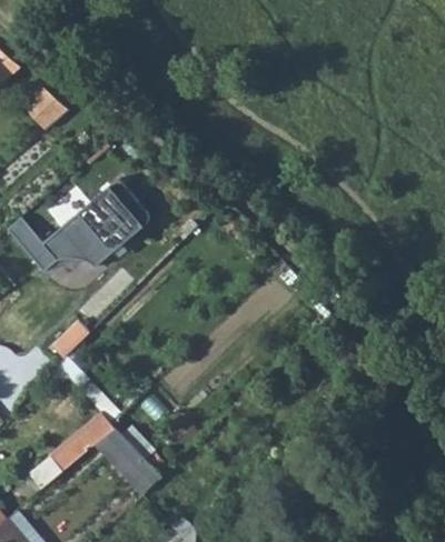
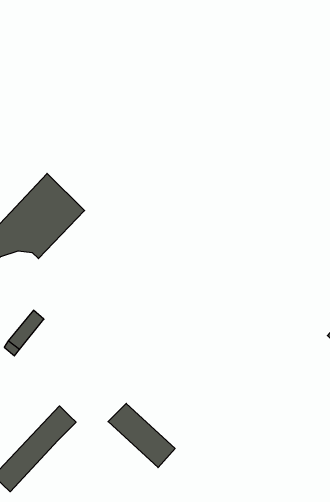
building: [93,430,156,496] -> [108,403,175,468]

